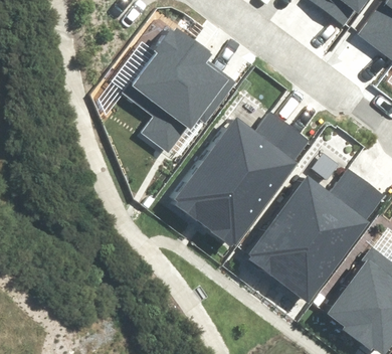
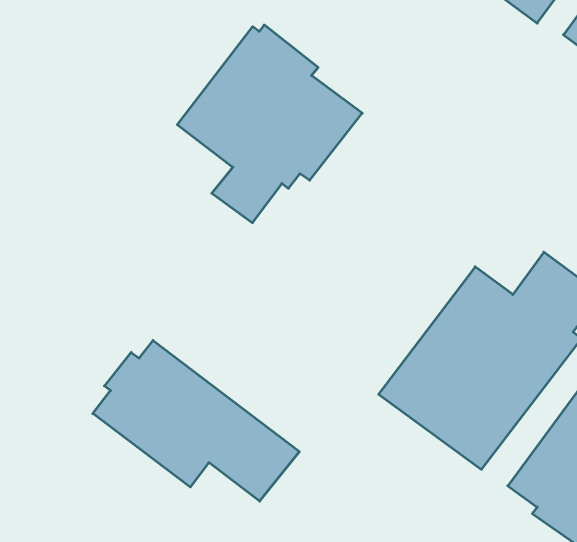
building: [174,108,312,242] -> none
building: none -> [93,340,299,501]

